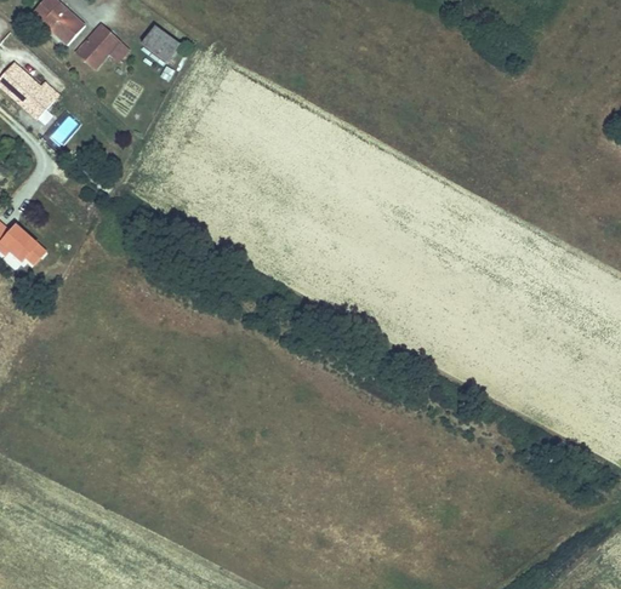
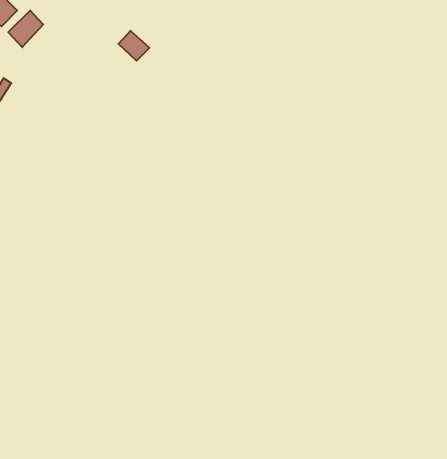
building: [144,25,182,62] -> [118,31,149,61]

